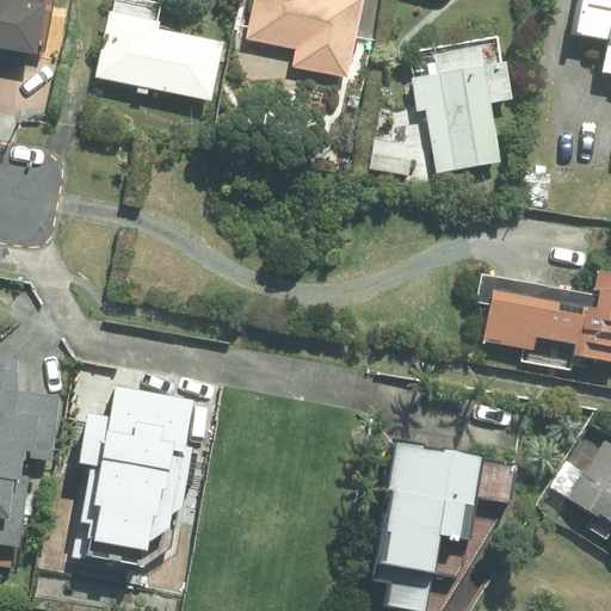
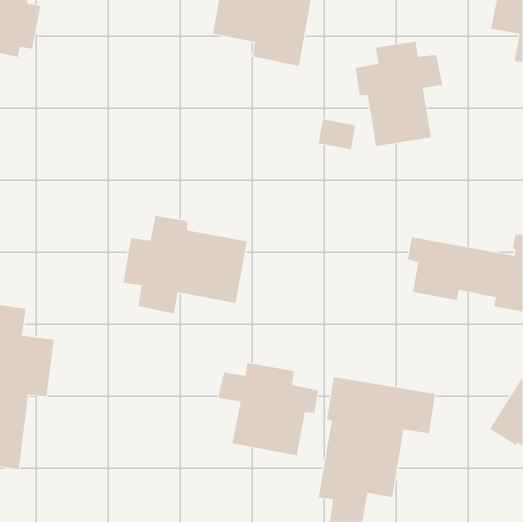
building: [94,12,222,100] -> none
building: none -> [123,215,248,315]
building: [81,382,199,553] -> none
building: none -> [217,362,319,456]

